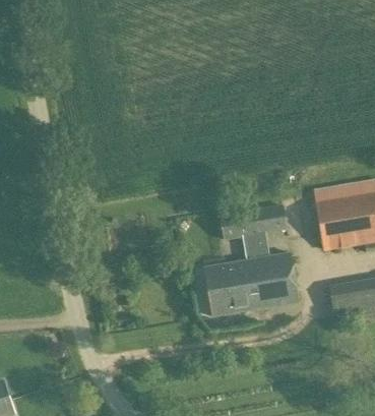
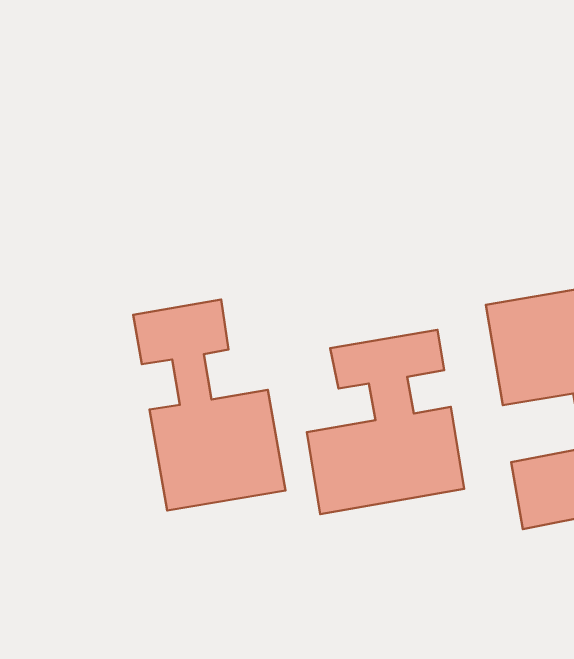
building: none -> [133,300,286,510]

